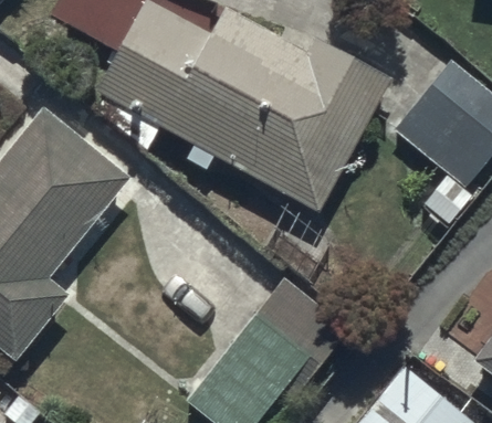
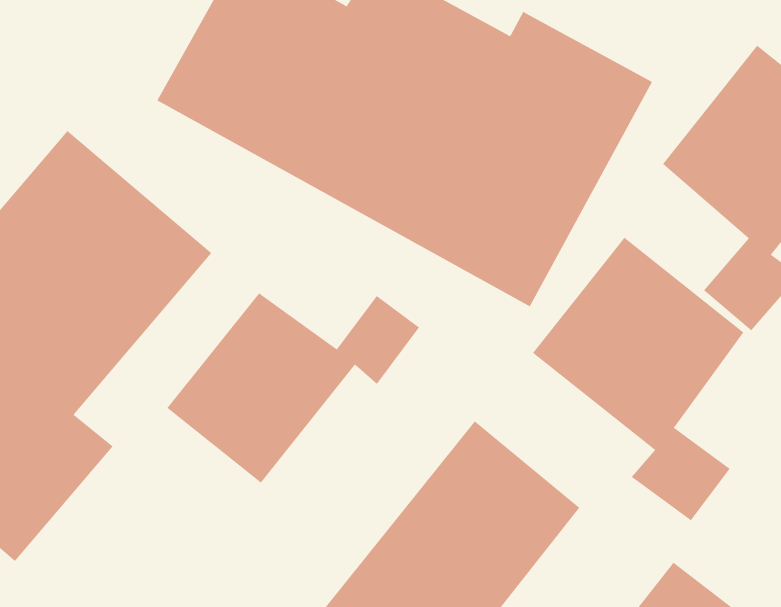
building: none -> [532,237,744,521]
building: none -> [166,292,420,483]

